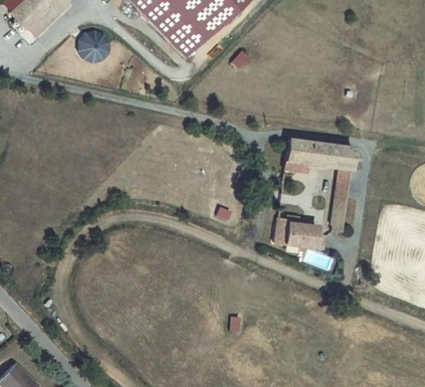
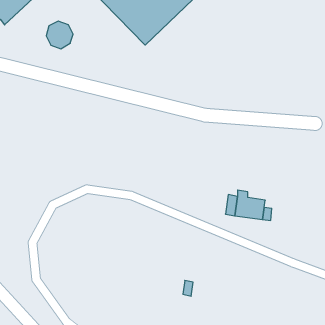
building: [284,138,353,224] -> none

